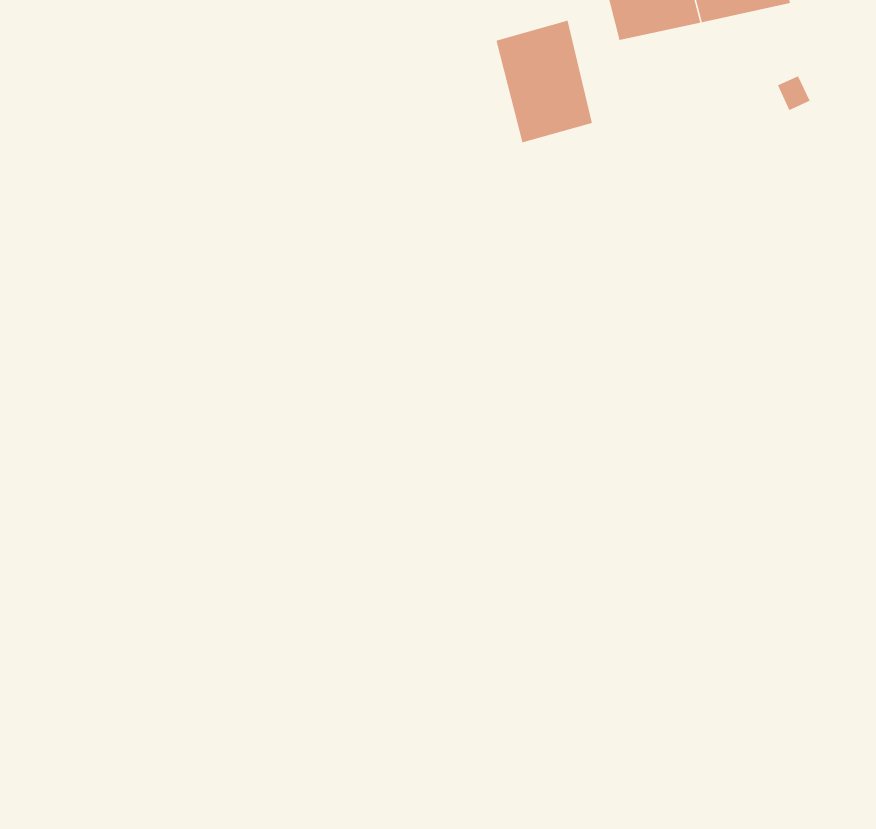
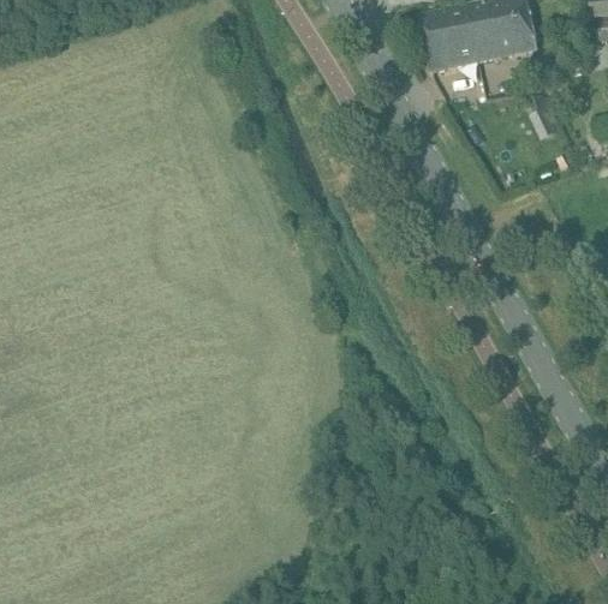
building: [496,20,593,143] -> none

